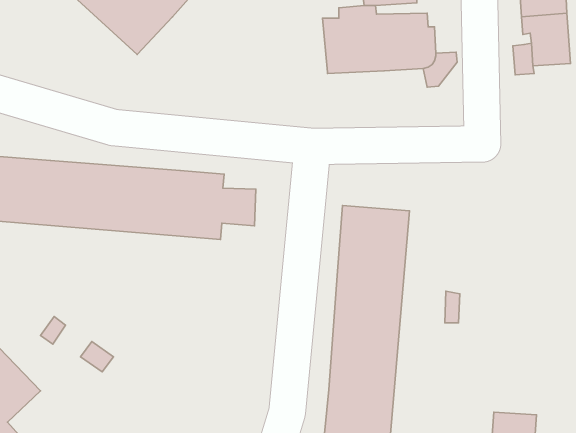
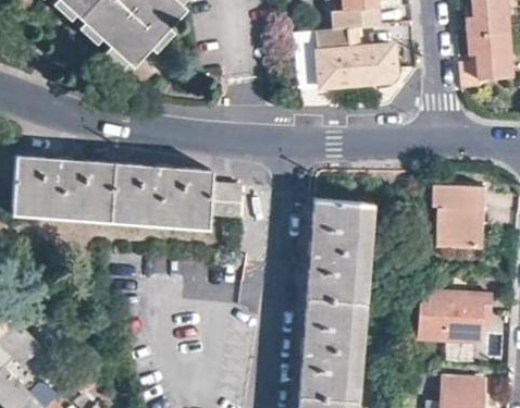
building: none -> [433,190,484,245]
building: none -> [417,290,490,342]

